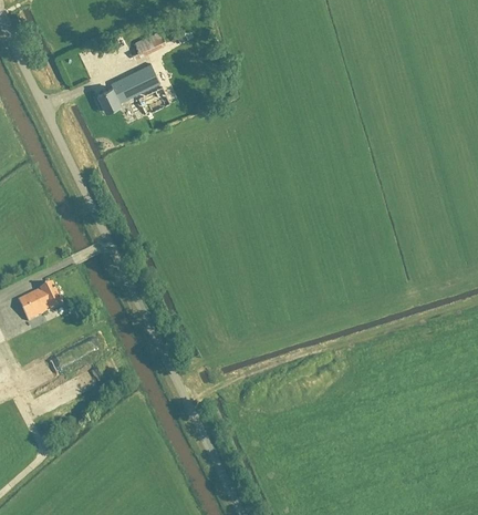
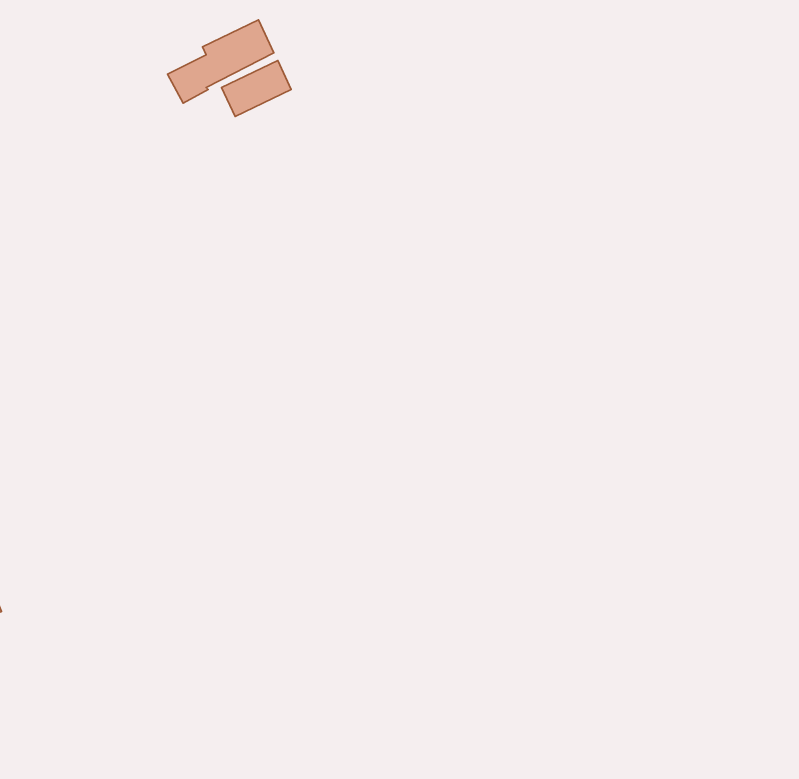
building: [18,282,62,319] -> none

